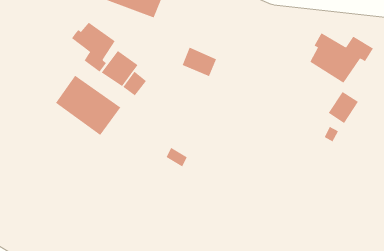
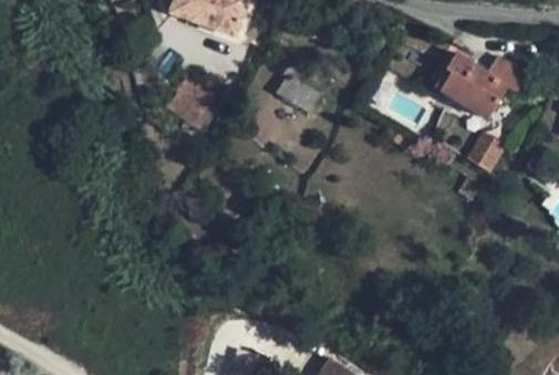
building: [71,22,116,73] -> none
building: [55,75,121,136] -> none

